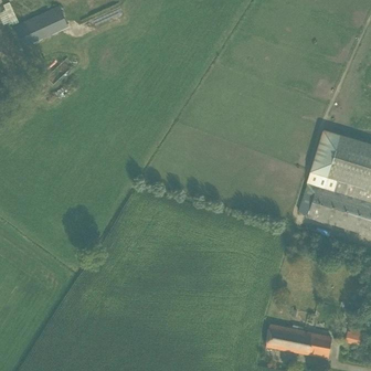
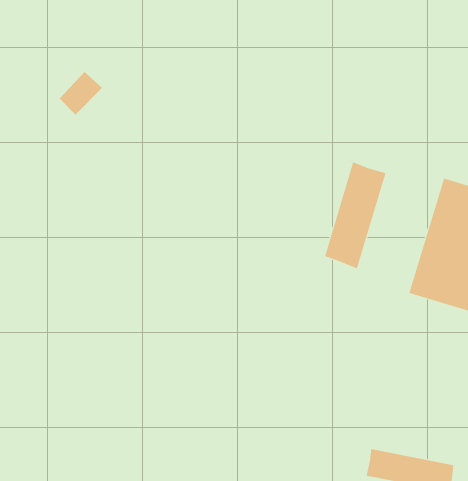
building: [14,6,68,47] -> none
building: none -> [324,162,386,269]

